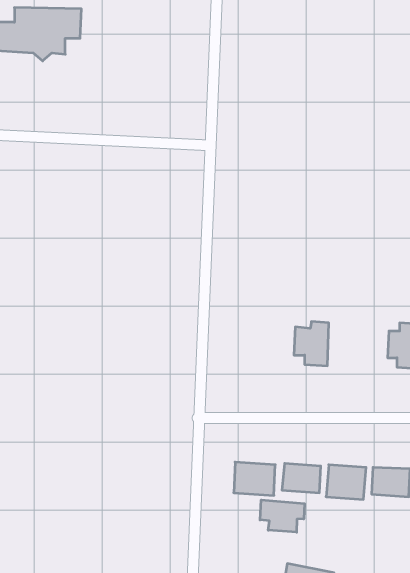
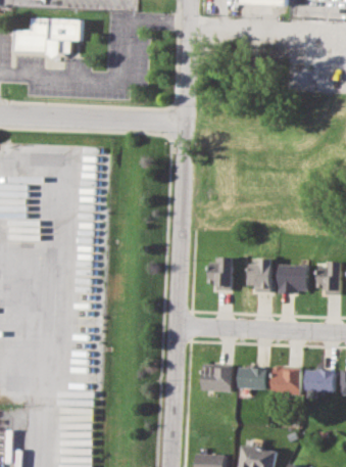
building: none -> [206,256,232,290]
building: none -> [277,264,307,295]
building: [260,500,304,532] -> none

